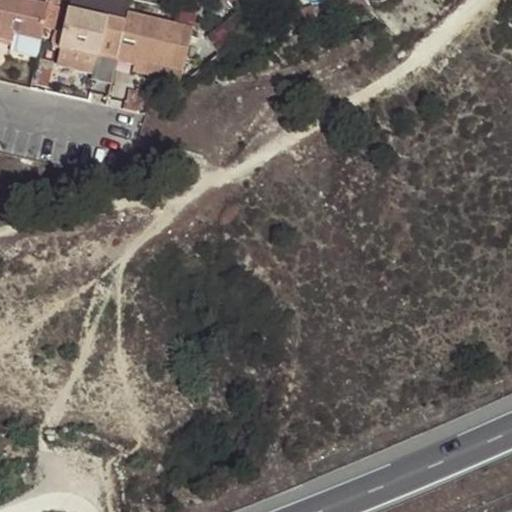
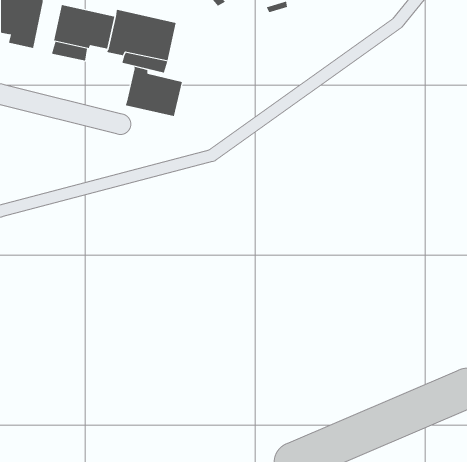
building: none -> [125,66,183,117]

